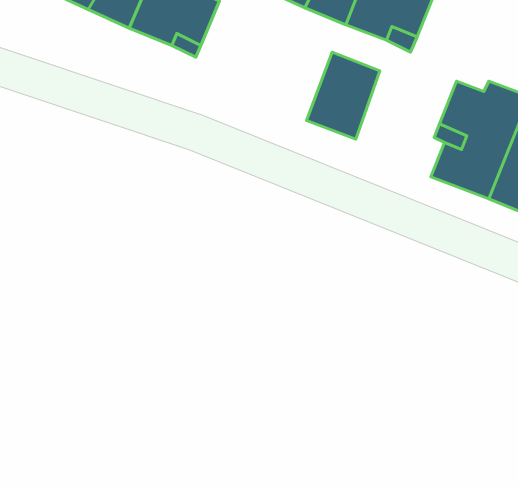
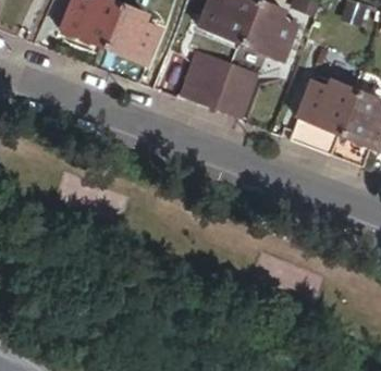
building: none -> [185,50,231,104]

